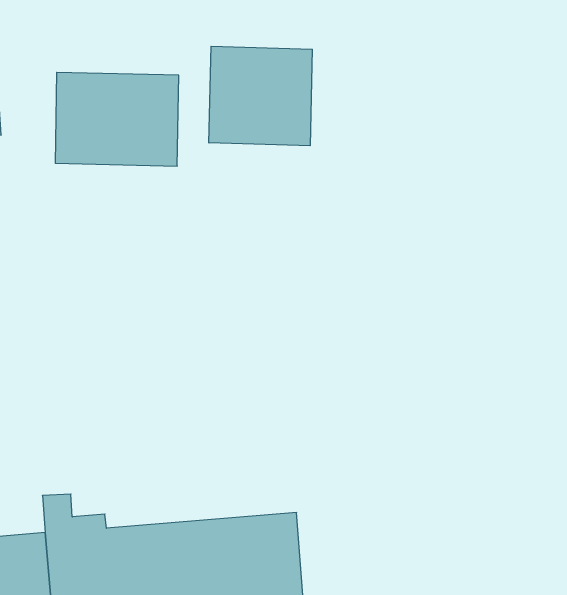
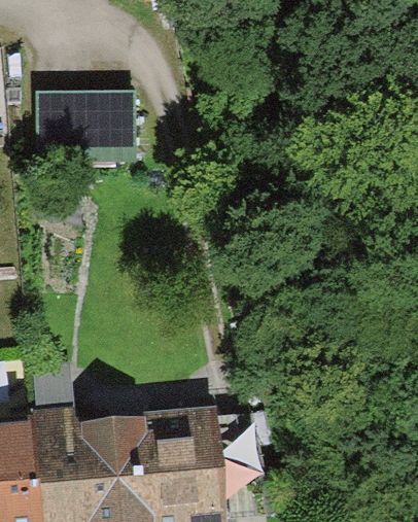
building: [209,46,312,146] -> none

